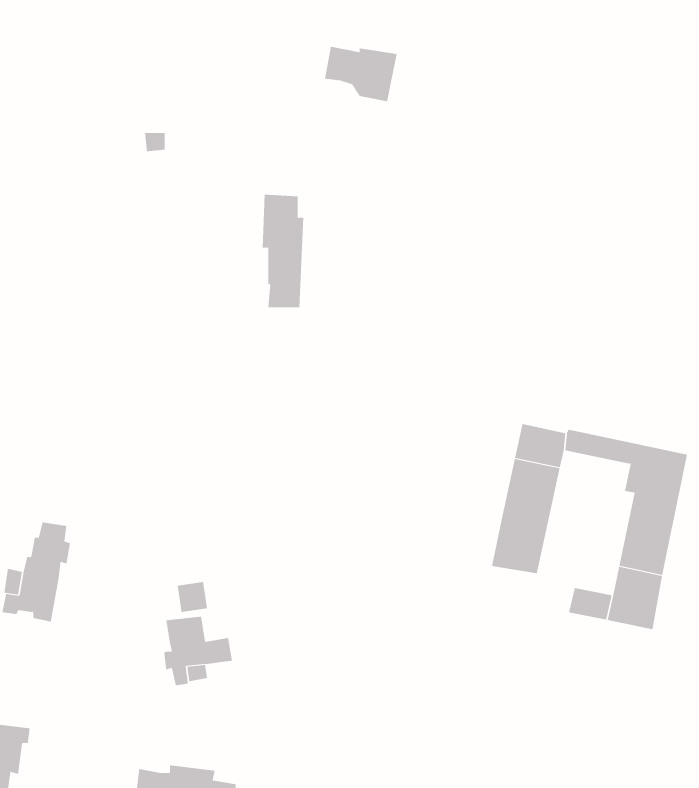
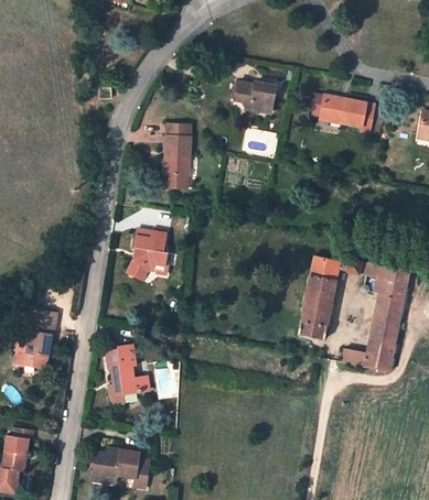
building: [324,46,398,102] -> [234,81,276,113]
building: none -> [309,94,374,134]
building: none -> [127,228,168,280]

